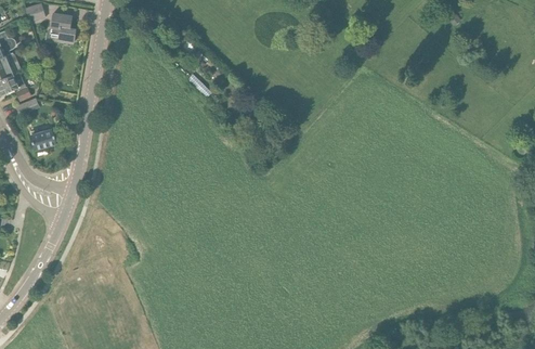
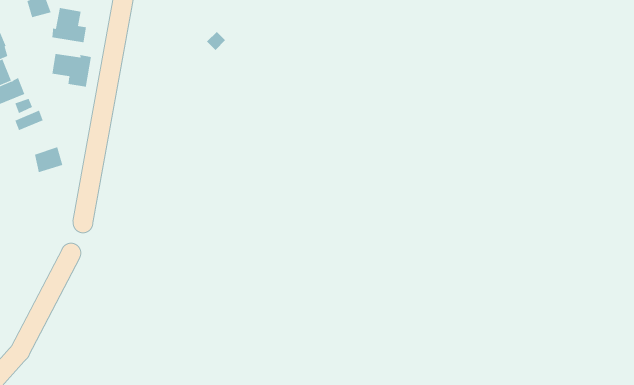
building: none -> [52,53,92,87]

